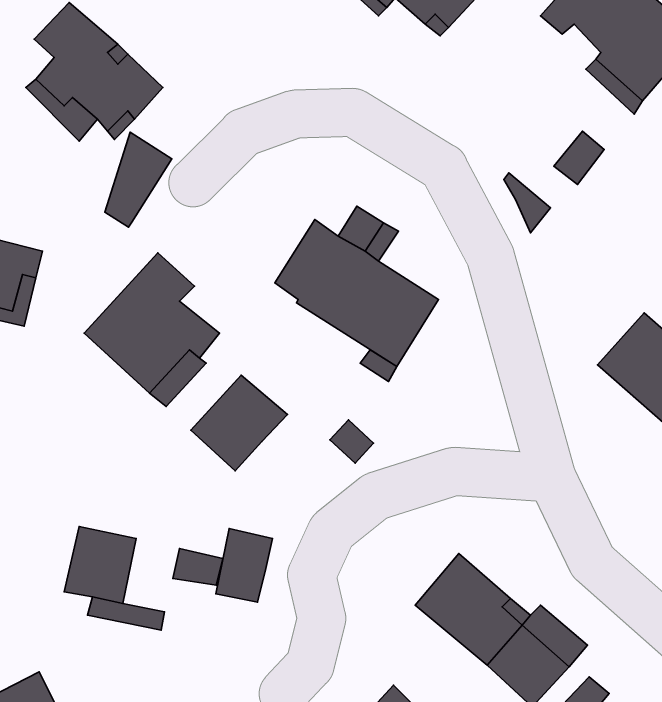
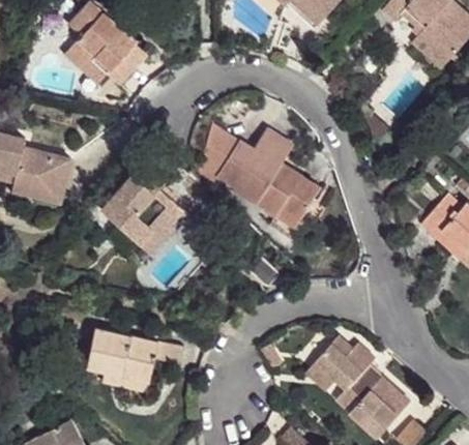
building: [105,132,172,227] -> [201,120,242,179]
building: [191,375,287,471] -> none
building: [216,529,273,602] -> [123,334,158,380]

